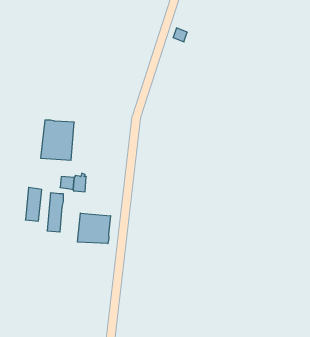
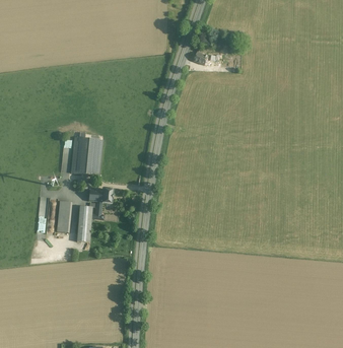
building: [78,213,111,244] -> none

